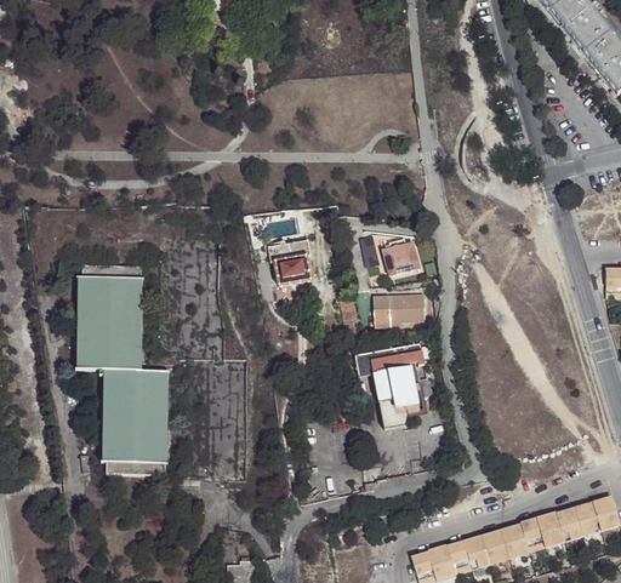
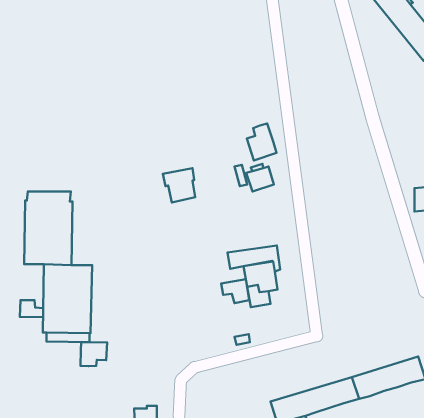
building: none -> [247,123,277,161]
building: [372,292,423,327] -> none
building: none -> [221,279,249,303]
building: none -> [20,300,43,317]
building: none -> [81,342,107,366]

